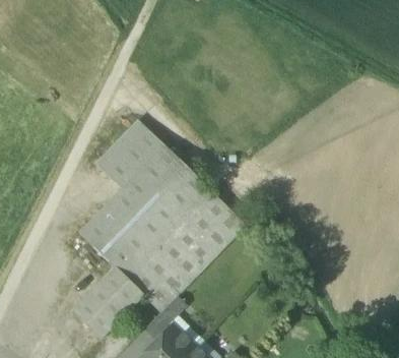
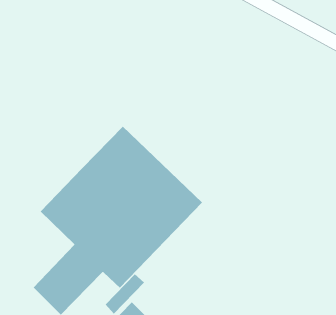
building: [95,121,163,189] -> none

